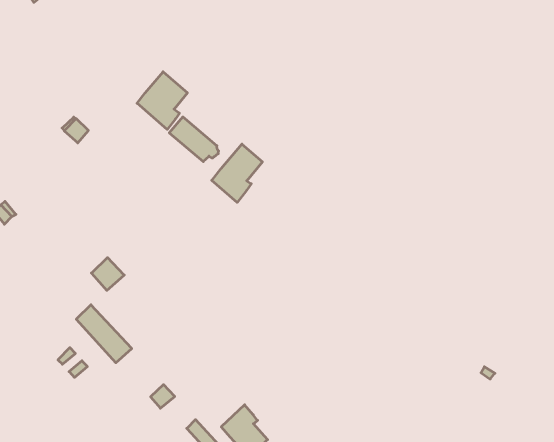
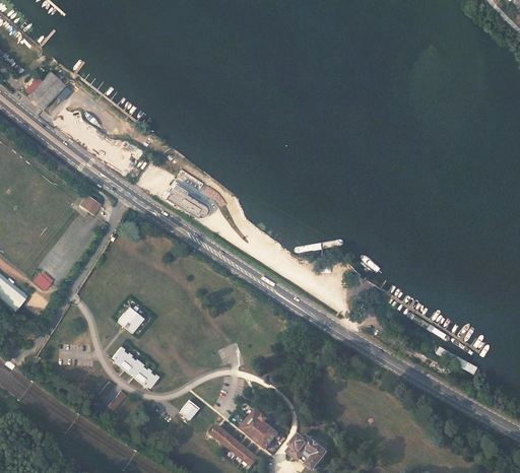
building: [137,72,187,129] -> none
building: [212,144,262,202] -> none

